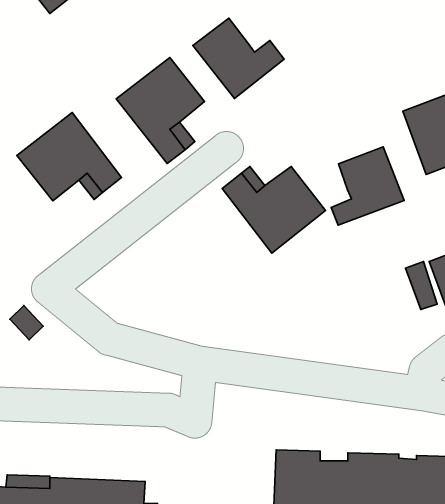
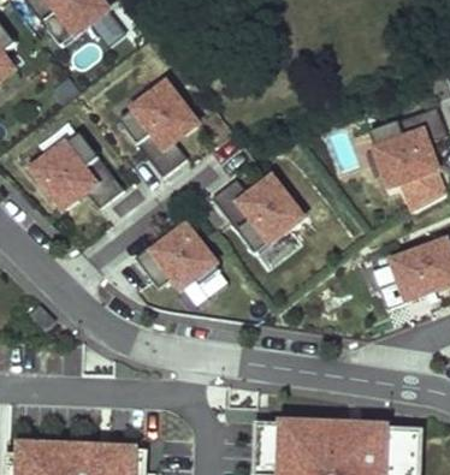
building: [193,18,284,99] -> none
building: [331,147,404,225] -> none
building: none -> [136,225,221,286]

